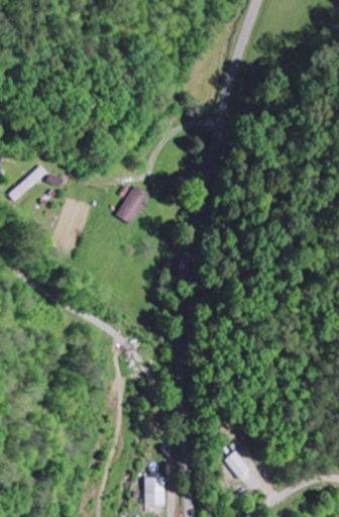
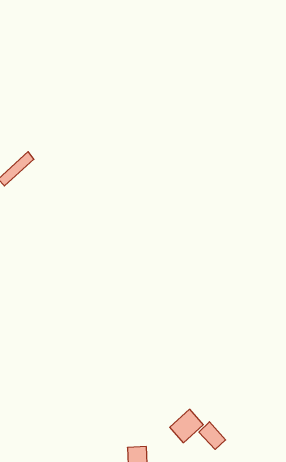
building: [117,185,152,225] -> none
building: none -> [170,409,203,443]

